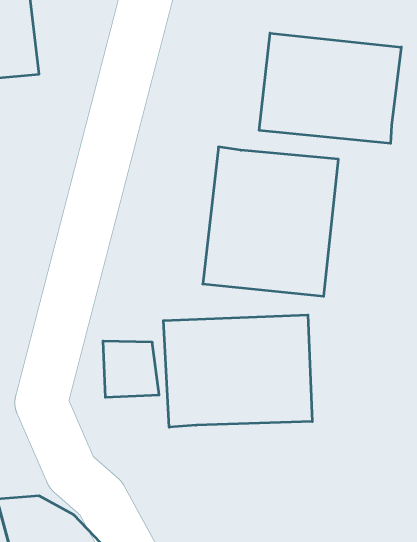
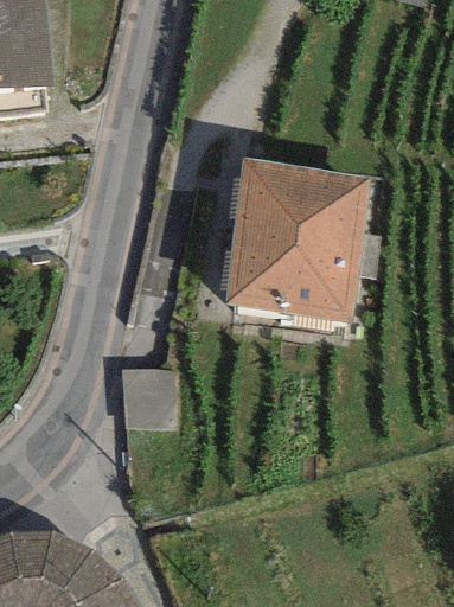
building: [259,33,401,143] -> none
building: [163,315,312,427] -> none

